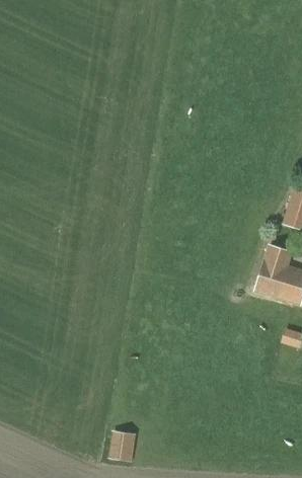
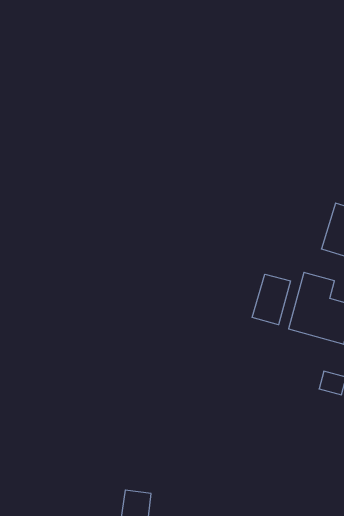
building: none -> [252,274,291,325]

